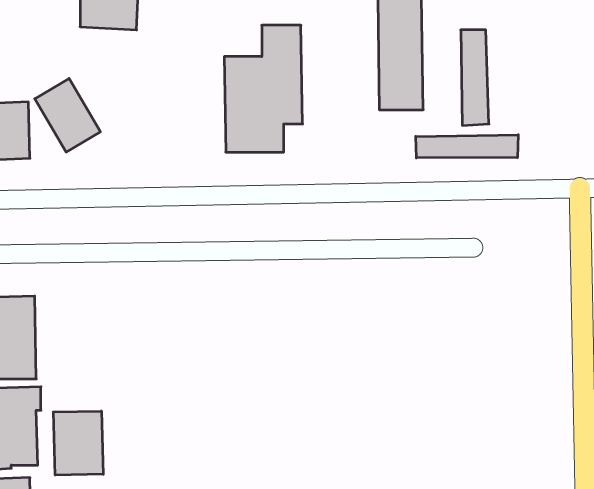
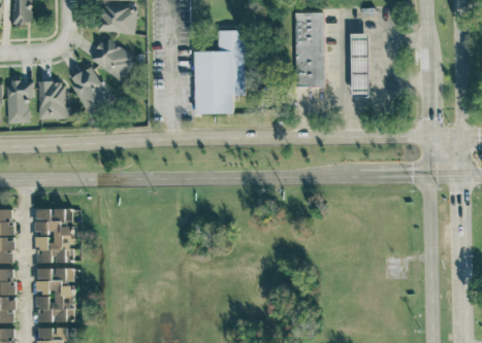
building: none -> [91,36,137,81]
building: [416,135,518,158] -> none
building: [53,411,103,475] -> none

